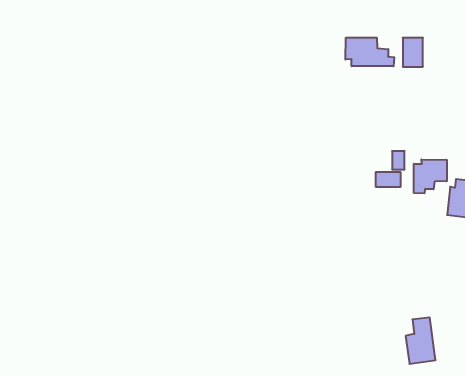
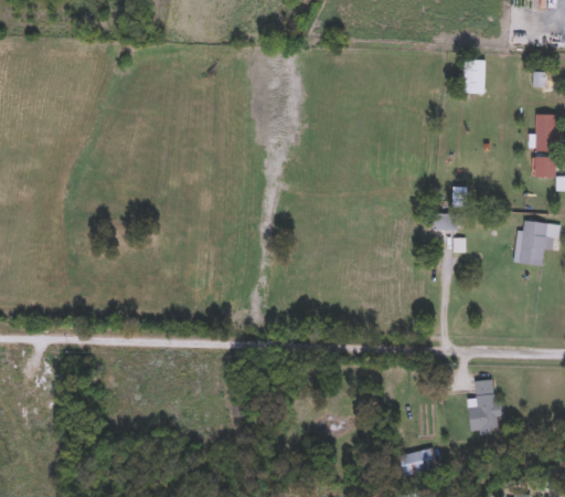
building: [345,38,394,66] -> none
building: [414,159,447,193] -> none

